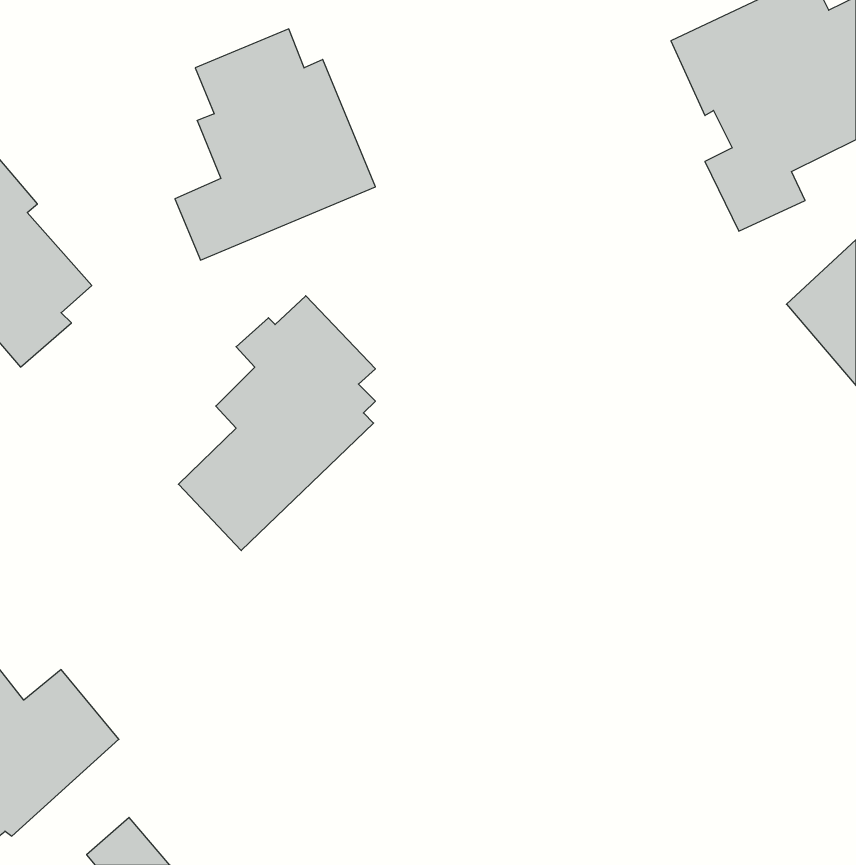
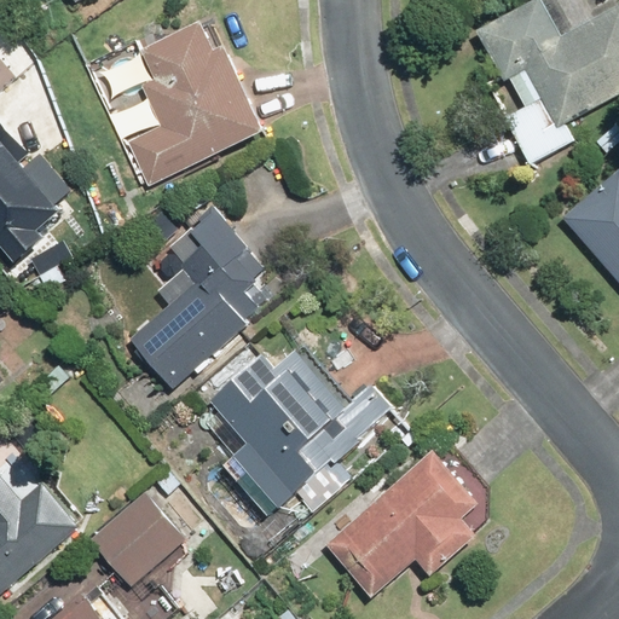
building: none -> [209,342,357,509]
building: none -> [324,446,491,598]
building: none -> [86,487,189,589]

